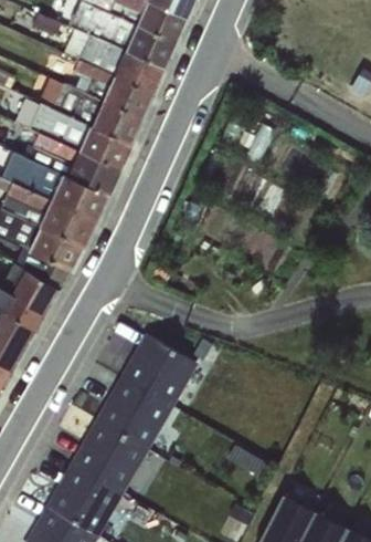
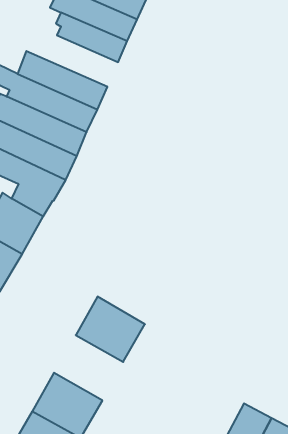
building: [36,77,142,144] -> none
building: [119,336,197,409] -> none
building: [71,421,148,494] -> none

